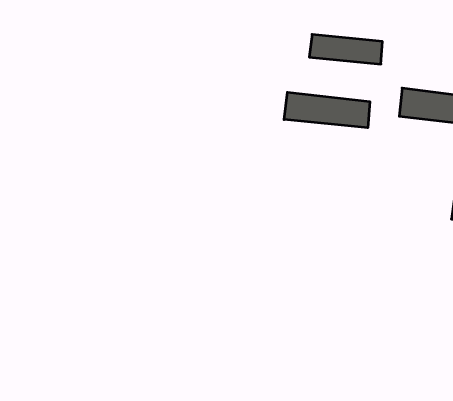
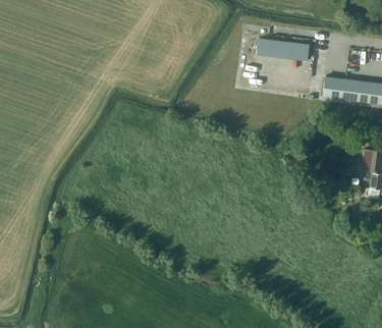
building: [284,92,370,128] -> none

